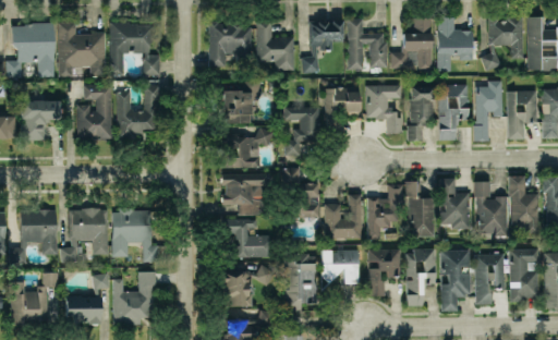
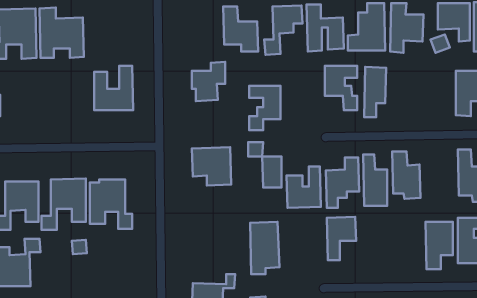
building: [208,20,252,66] -> none
building: [109,21,160,75] -> none
building: [475,80,502,141] -> none
building: [77,84,112,138] -> none
building: [438,84,469,139] -> none
building: [325,88,359,113] -> none
building: [21,100,59,139] -> none
building: [221,129,271,168] -> none
building: [475,181,508,236] -> none
building: [222,218,269,257] -> none
building: [322,250,359,286] -> none
building: [405,250,436,306] -> none
building: [440,250,470,311] -> none
building: [223,266,272,306] -> none
building: [113,271,155,325] -> none
building: [65,295,101,324] -> none

